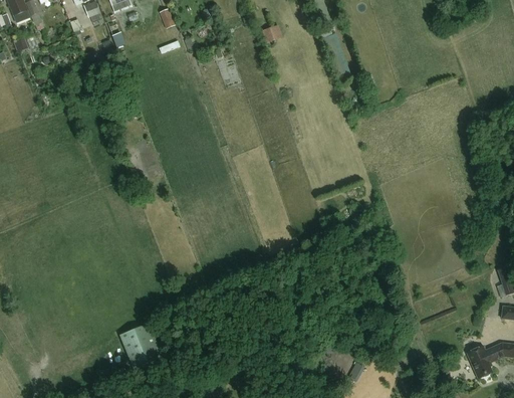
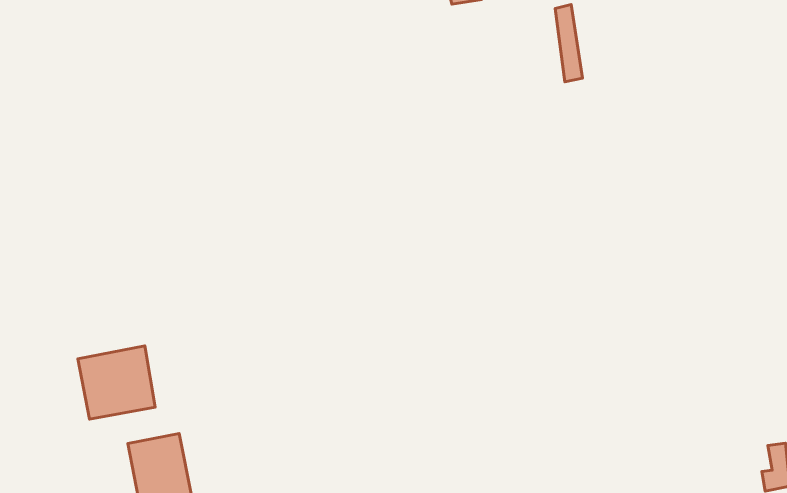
building: none -> [78,346,155,419]

